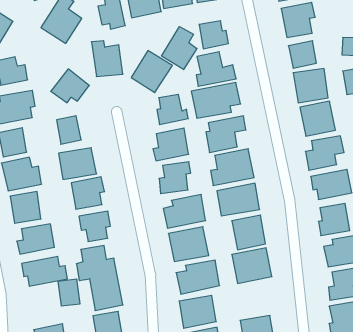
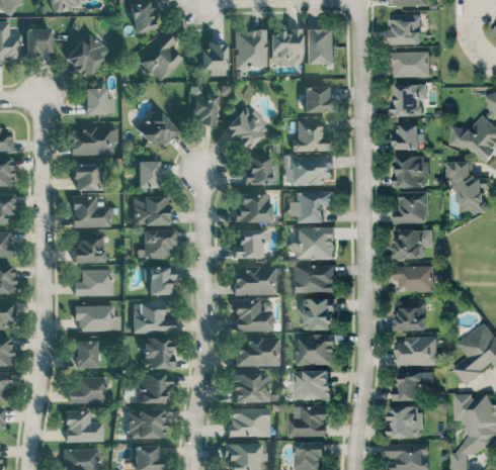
building: [162,27,197,70] -> none
building: [58,279,80,306] -> [76,341,97,368]
building: none -> [296,370,331,399]

